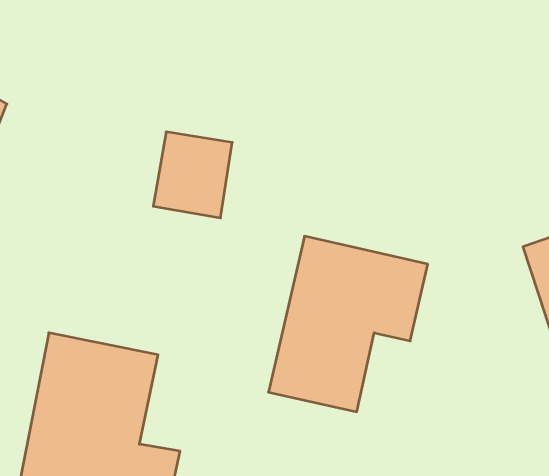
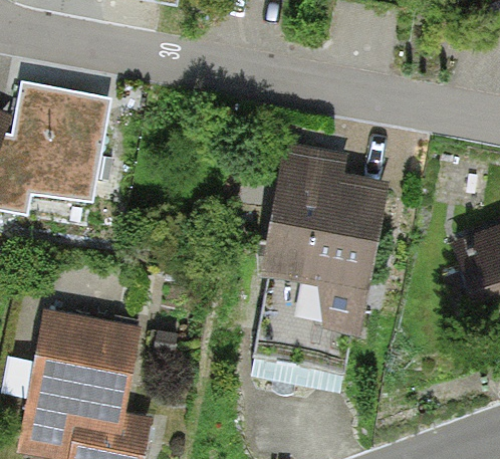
building: [153,132,232,218] -> [28,112,96,187]
building: none -> [269,143,395,251]

